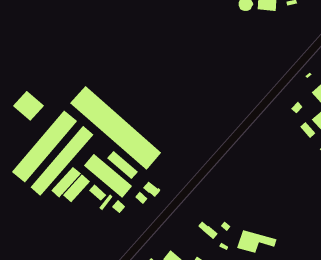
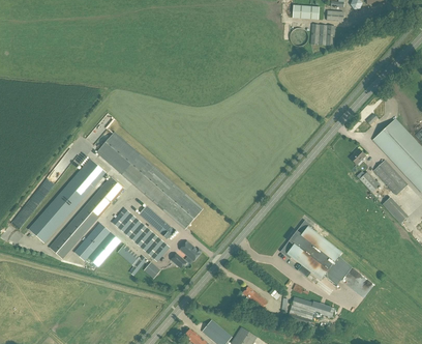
building: [12,90,45,122] -> none
building: none -> [280,221,351,285]

